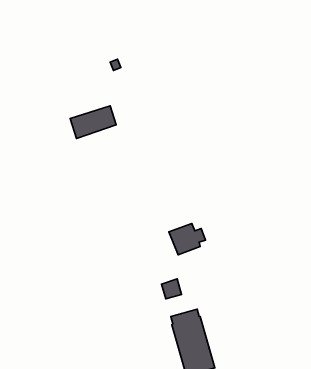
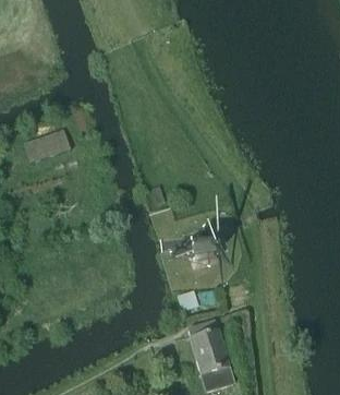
building: [70,106,116,138] -> [24,130,72,164]

